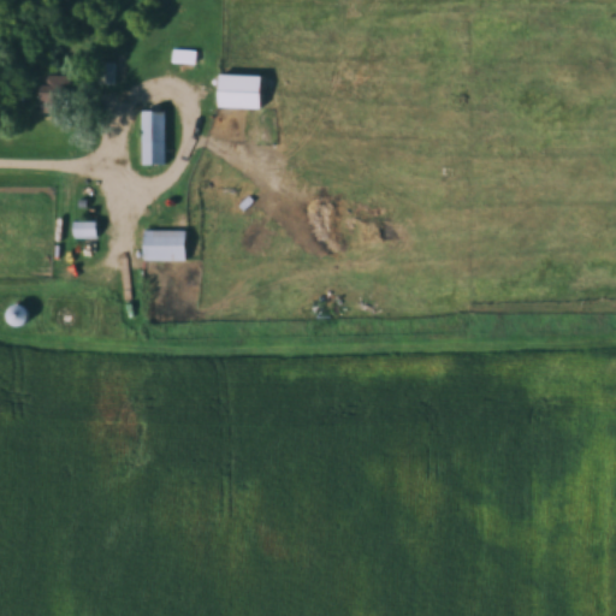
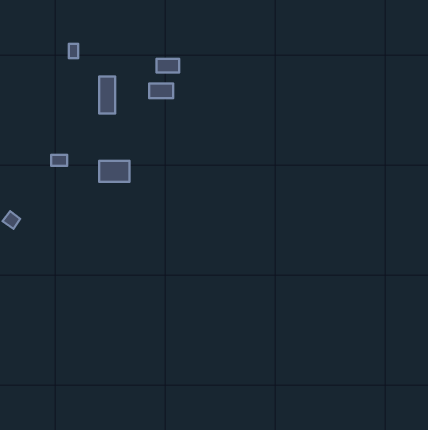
building: [40,75,69,113] -> none
building: none -> [149,84,173,98]

